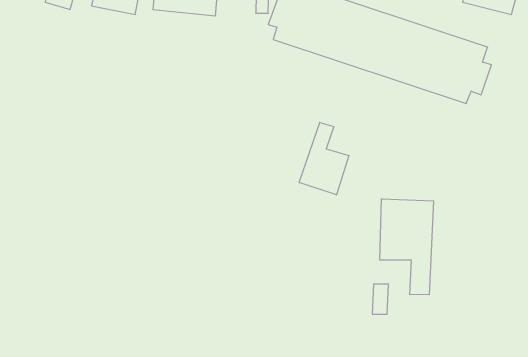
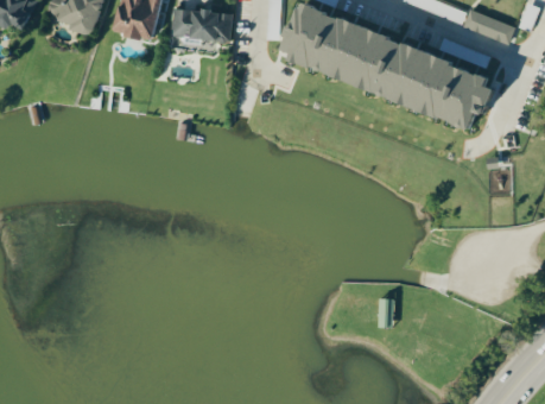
building: [299,122,349,195] -> none
building: [380,199,434,295] -> none

